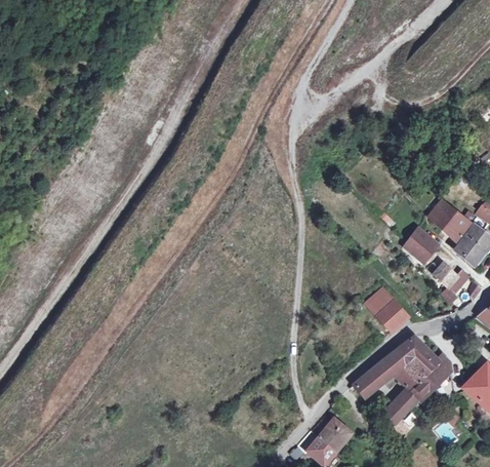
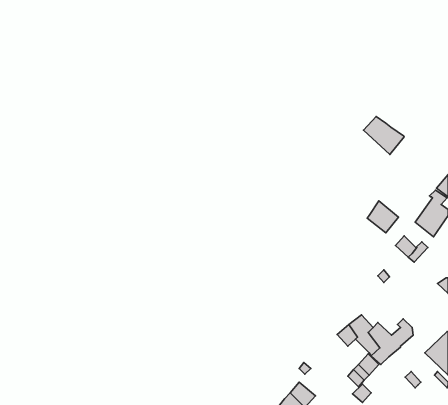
building: [427,202,471,242] -> [363,116,404,154]
building: [367,290,407,332] -> none
building: [398,336,439,369] -> none
building: [353,368,383,397] -> none

